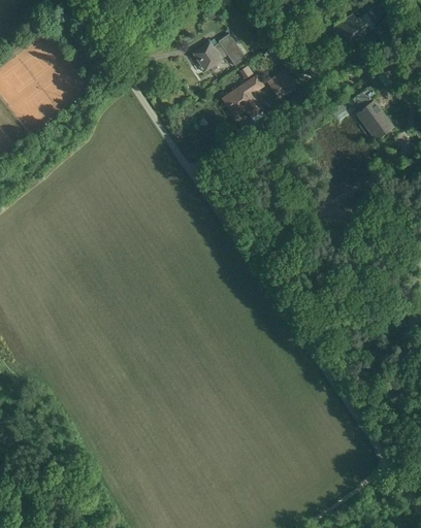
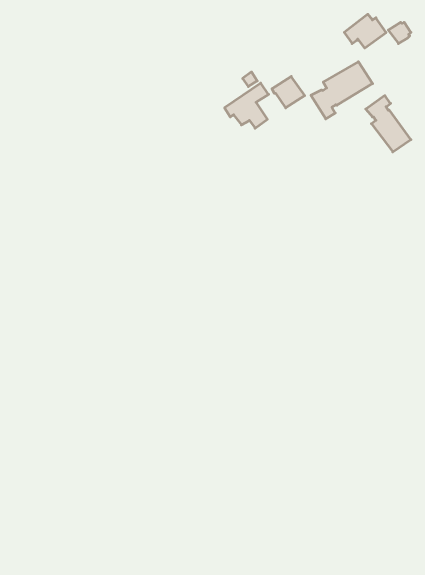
building: [192,34,245,70] -> none
building: none -> [311,62,373,119]

